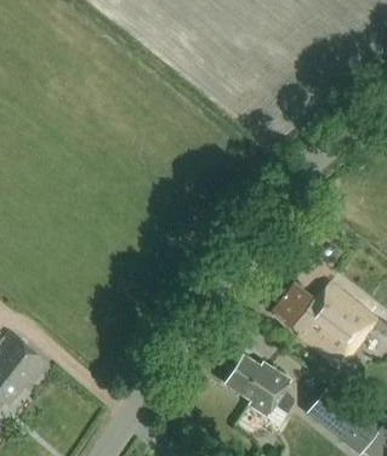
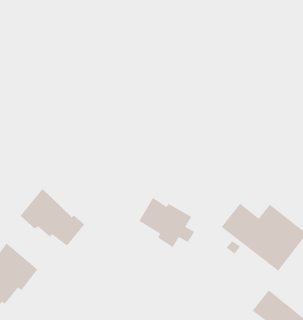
building: none -> [20,188,85,247]
building: [226,357,295,418] -> [138,197,195,248]

